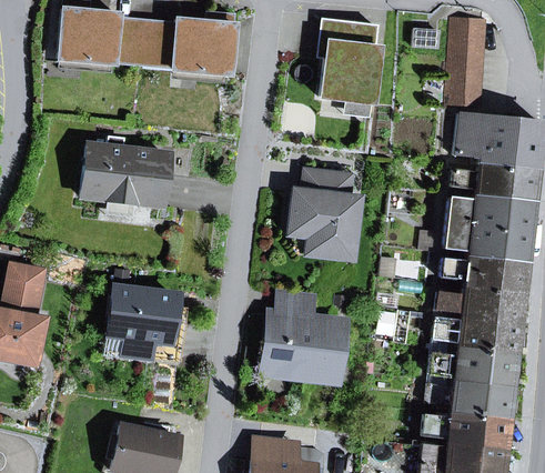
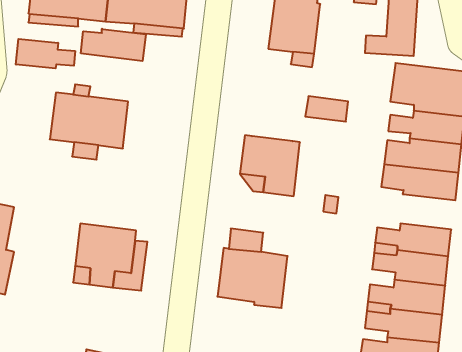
building: none -> [81,29,146,61]
building: none -> [16,39,75,68]
building: [304,169,351,197] -> [305,96,348,122]
building: [443,254,526,293] -> none

